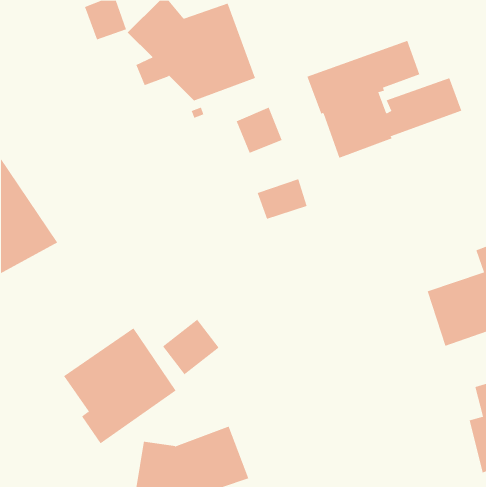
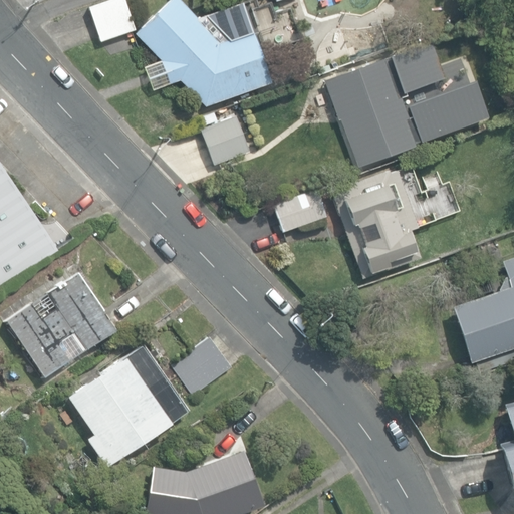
building: [236,107,283,154] -> [201,116,250,166]
building: none -> [328,170,420,277]
building: none -> [6,273,115,378]

